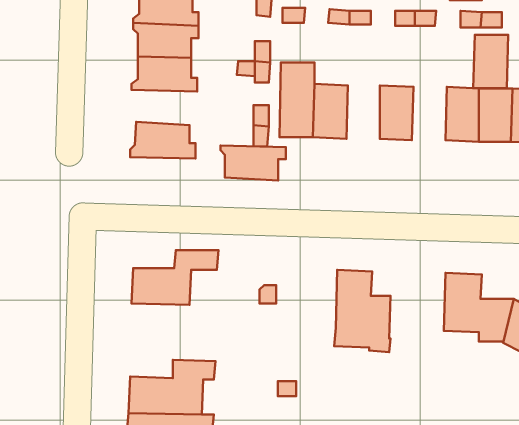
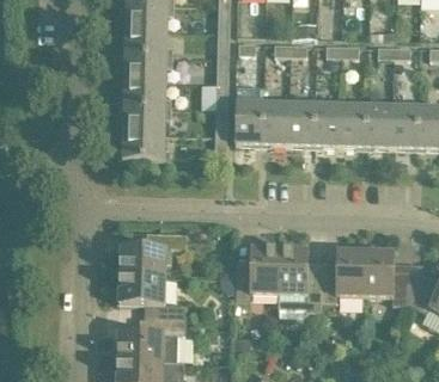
building: [473,35,508,88] -> [339,104,366,146]
building: none -> [287,103,313,144]
building: [220,146,286,181] -> [118,106,170,134]
building: none -> [234,247,280,300]
building: none -> [321,248,365,302]
building: none -> [117,273,184,319]

